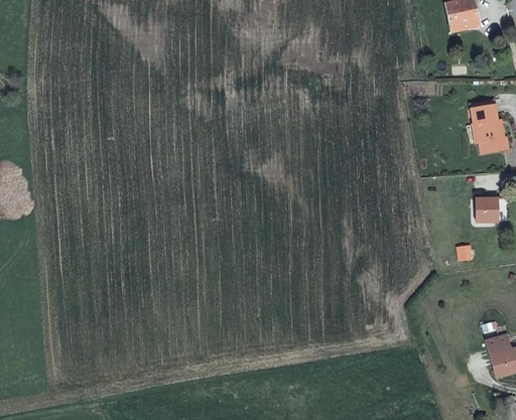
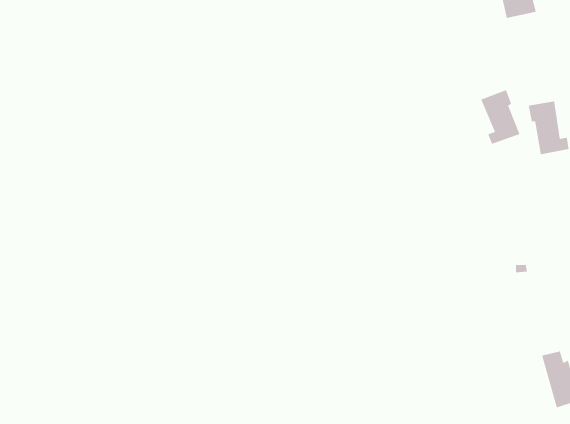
building: none -> [480,89,520,145]
building: [476,198,497,222] -> none

